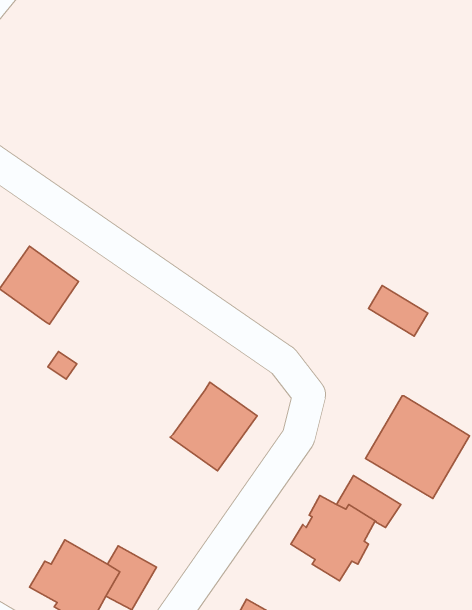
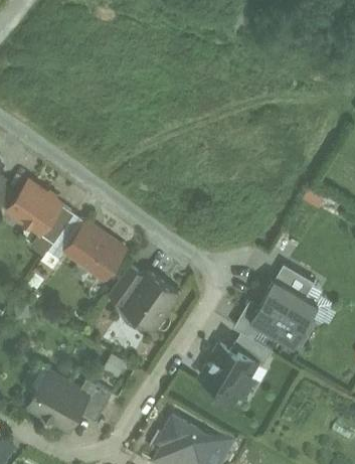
building: none -> [38,203,73,242]
building: [368,286,428,336] -> [275,264,314,297]
building: none -> [63,220,125,279]
building: none -> [108,265,144,304]

